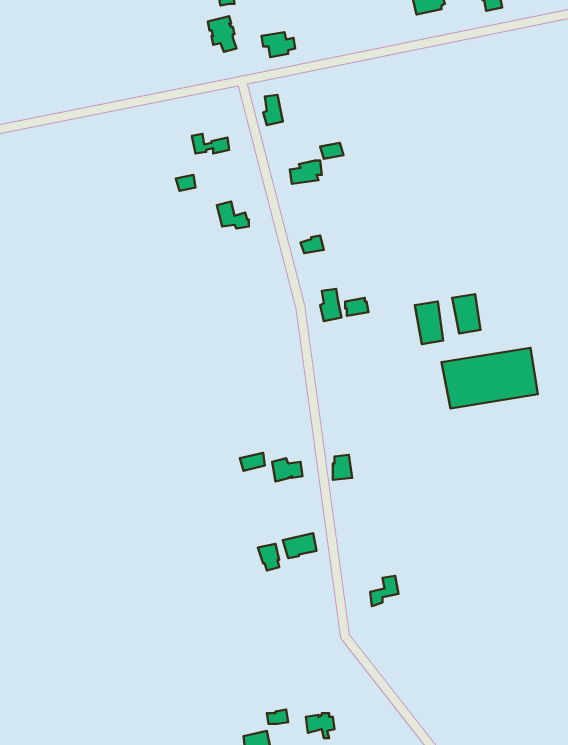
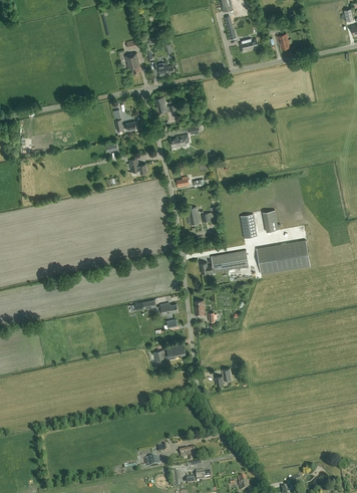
building: none -> [201,250,249,273]

